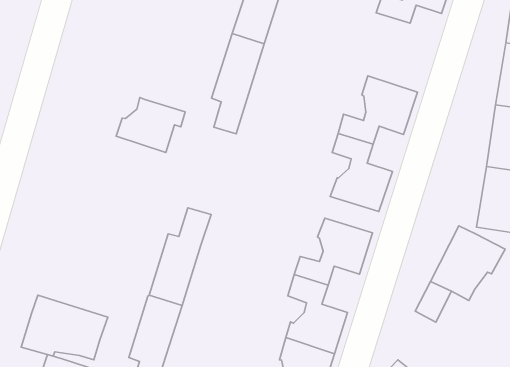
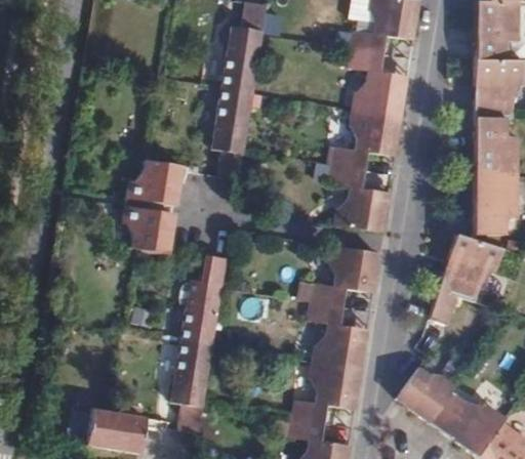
building: none -> [349,48,407,116]
building: none -> [124,206,177,254]
building: [21,295,108,360] -> none

